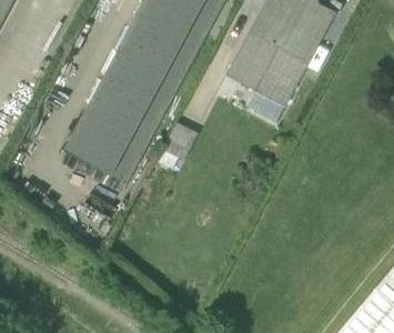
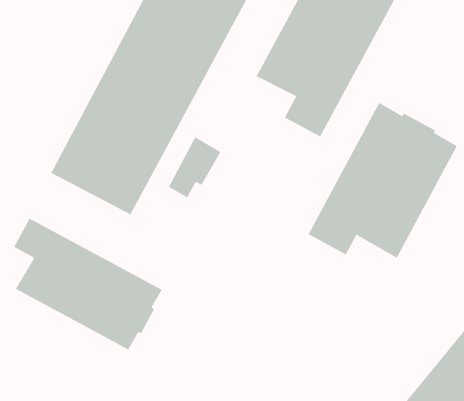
building: none -> [307,102,458,259]
building: none -> [13,217,163,351]

